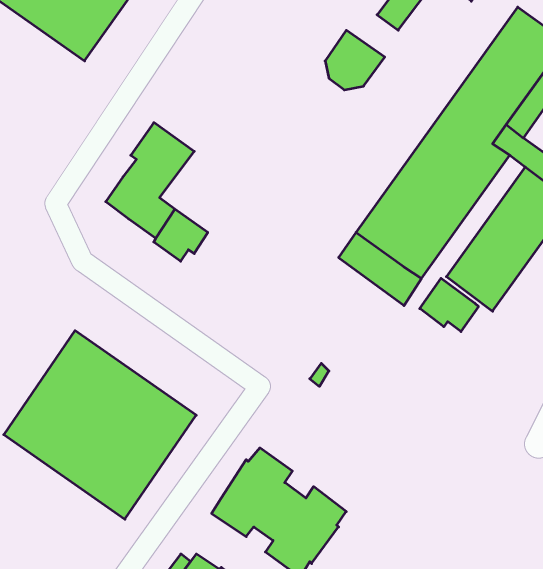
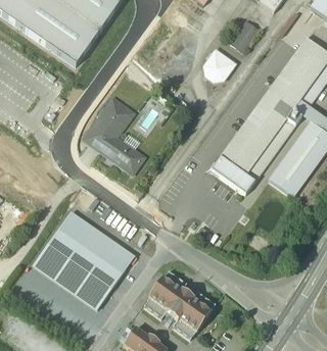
building: [420,278,478,332] -> none

